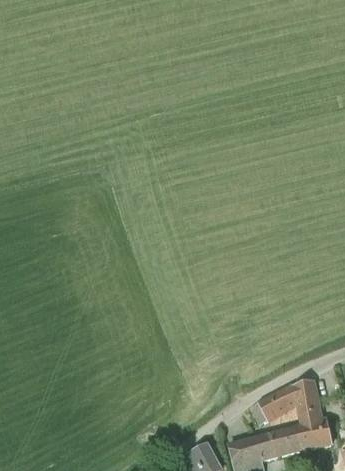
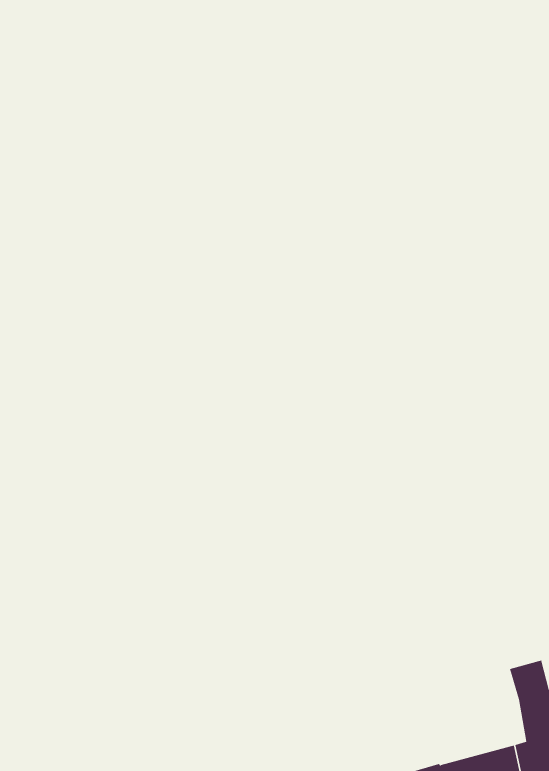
building: [253,383,300,421] -> none

